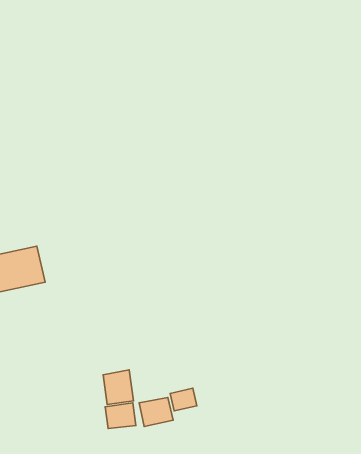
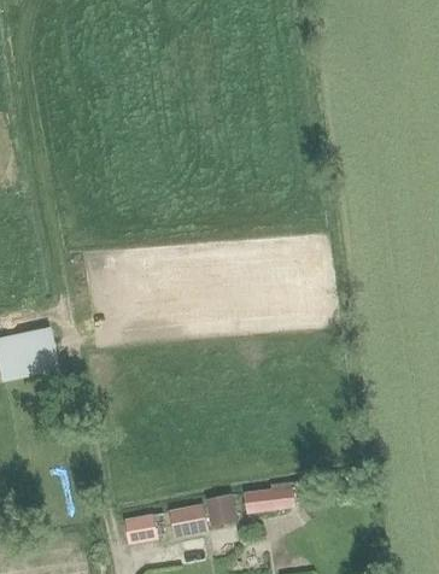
building: [103,370,133,405] -> none
building: none -> [241,484,293,515]

